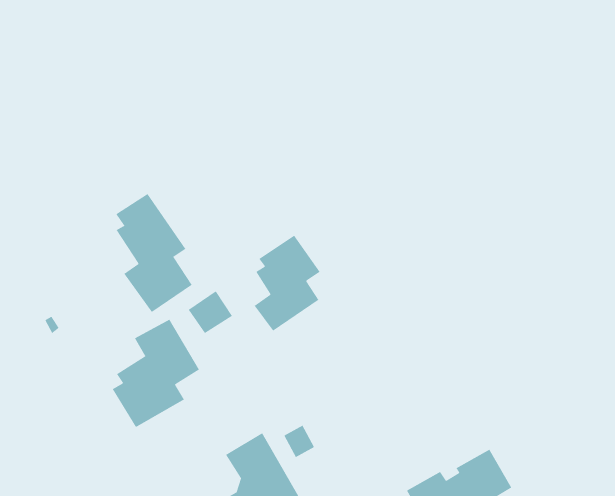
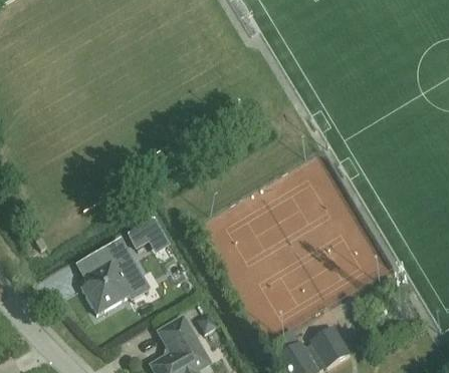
building: [115,193,193,313] -> none
building: [254,235,320,332] -> none

